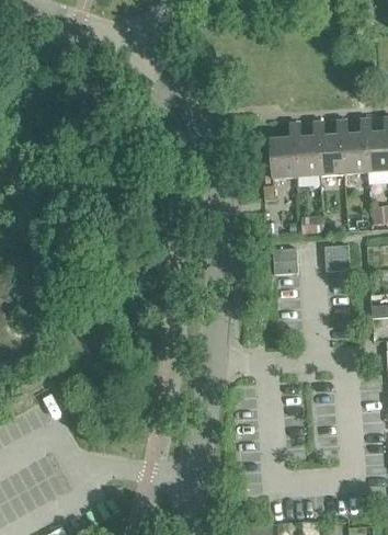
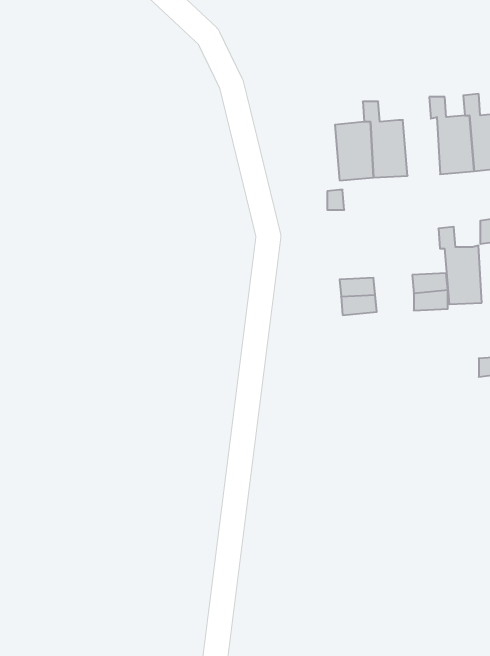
building: [313,119,344,174] -> [438,227,482,304]

